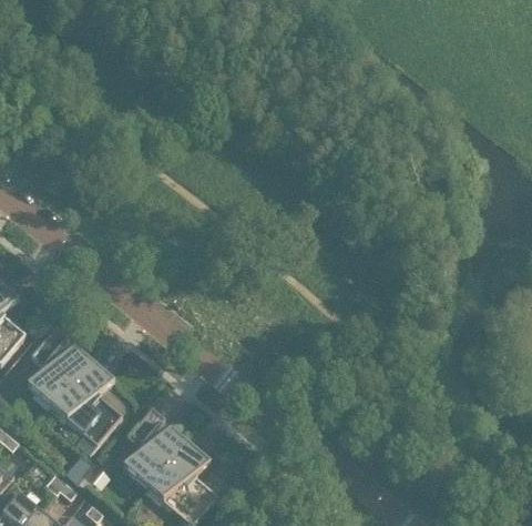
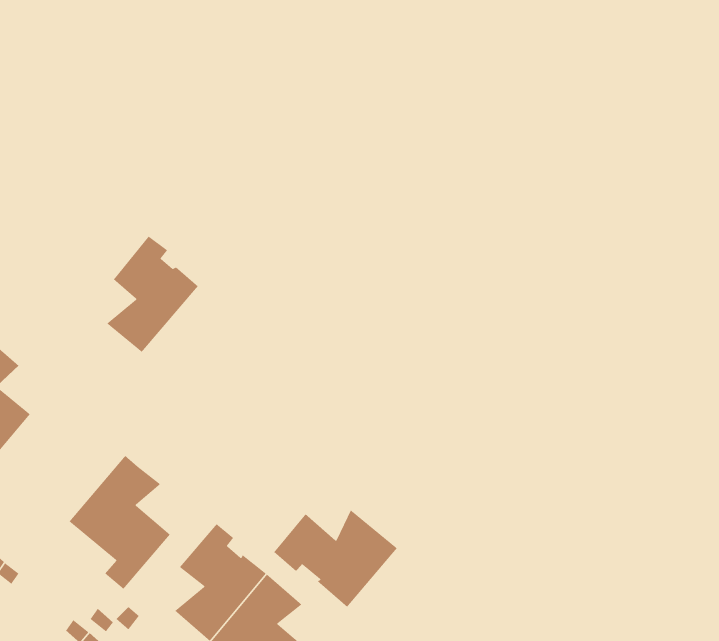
building: [27,326,90,406] -> [106,236,199,353]
building: none -> [273,509,398,608]

